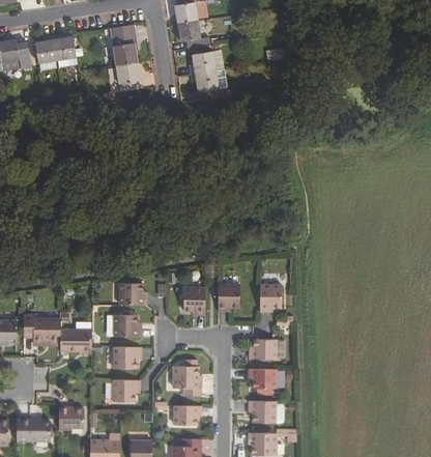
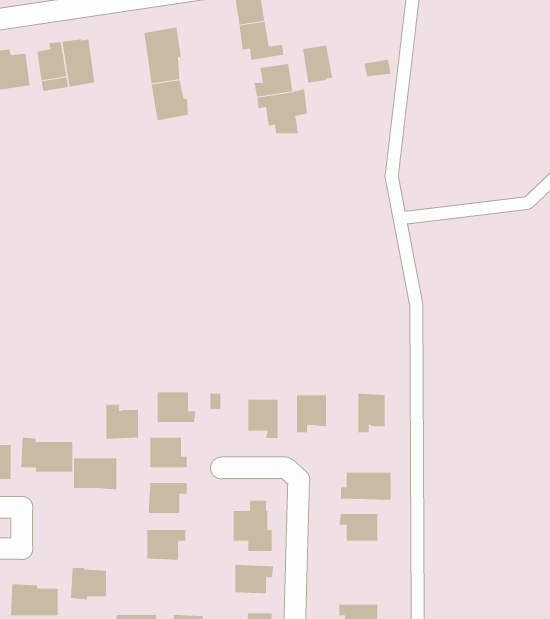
building: none -> [302,45,333,84]
building: none -> [106,404,138,440]
building: [248,400,284,422] -> none

